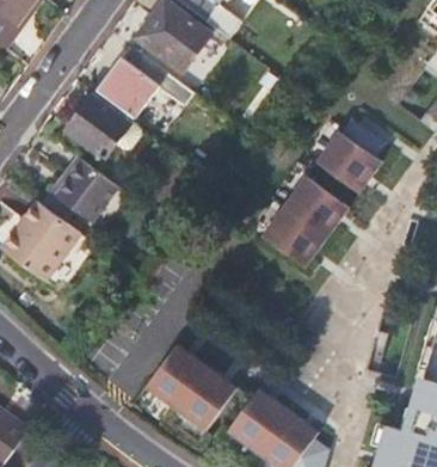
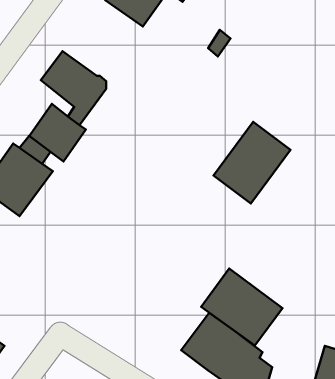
building: [99,45,196,121] -> none
building: [316,118,384,192] -> none
building: [144,344,235,430] -> [201,268,283,346]

